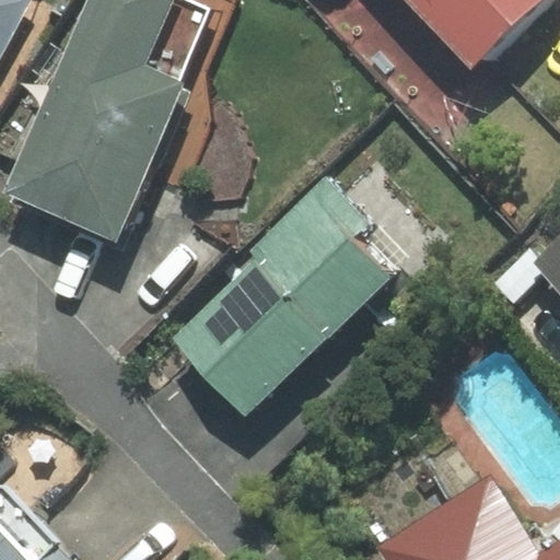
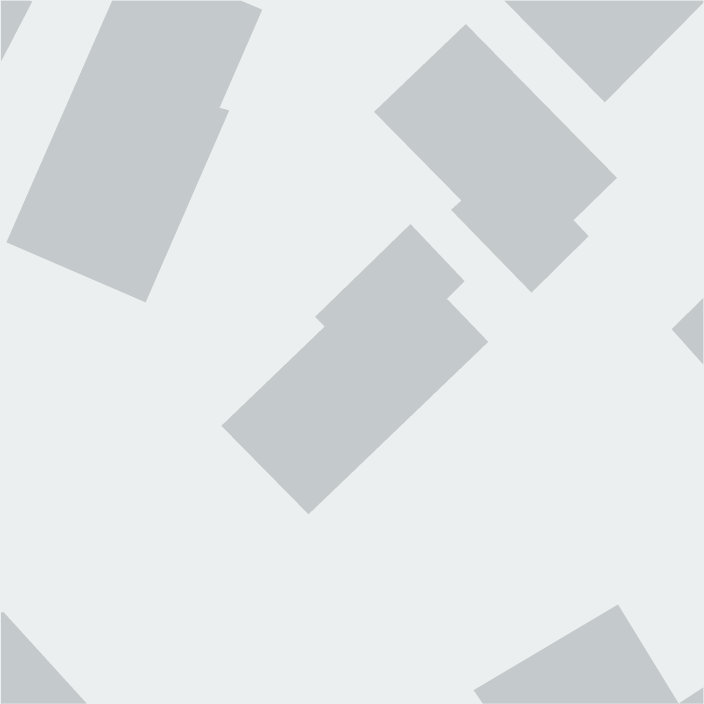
building: none -> [373,23,618,294]

